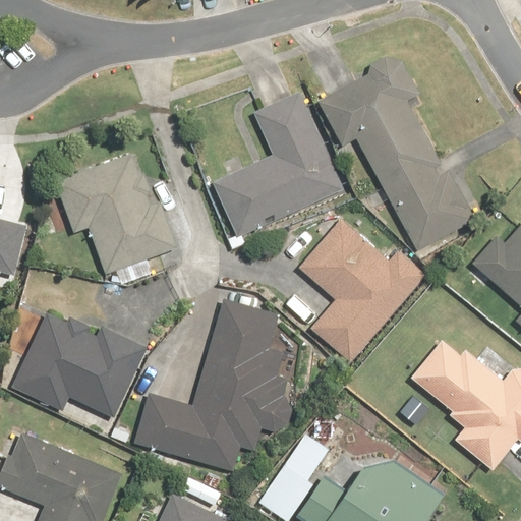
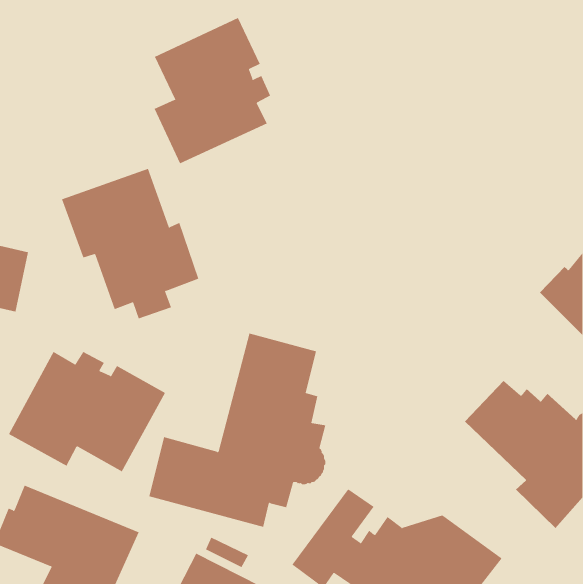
building: none -> [154,17,271,164]
building: [319,54,476,249] -> none
building: [213,93,344,238] -> none
building: [300,221,425,365] -> none

